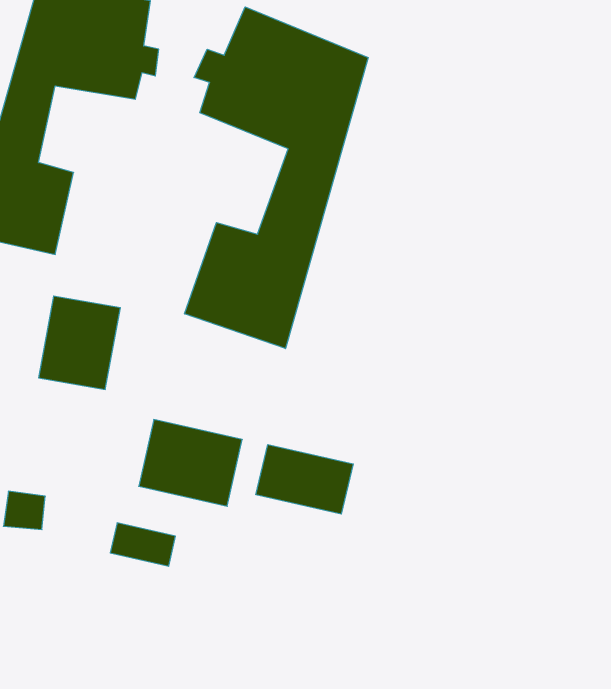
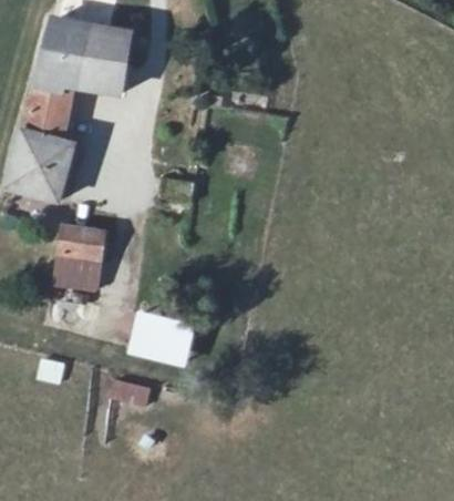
building: [185,7,368,349] -> none
building: [256,445,353,514] -> none

